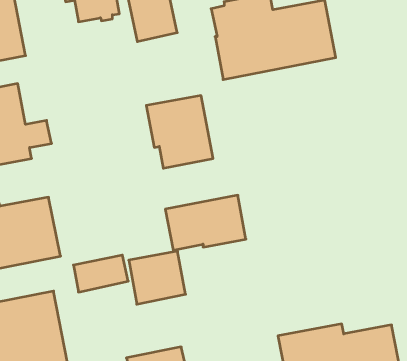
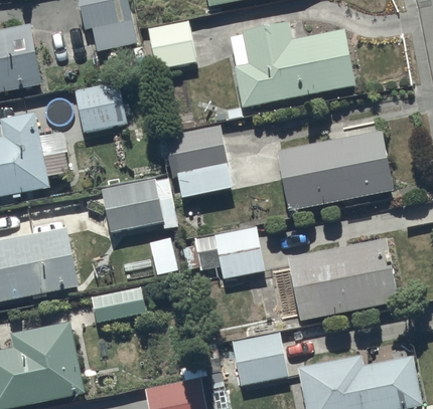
building: none -> [74,79,126,132]
building: none -> [276,130,394,211]
building: none -> [103,178,164,231]
building: none -> [271,237,400,321]
building: [129,251,186,304] -> [232,332,289,385]

